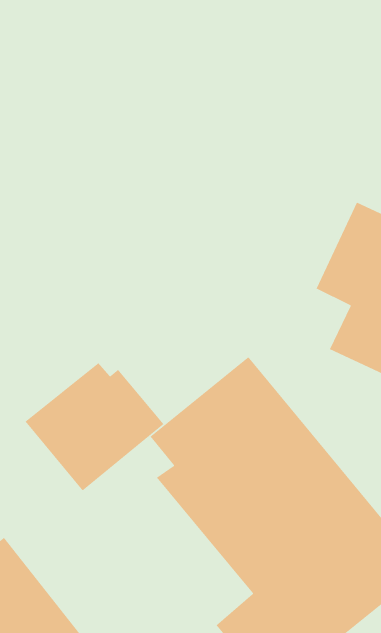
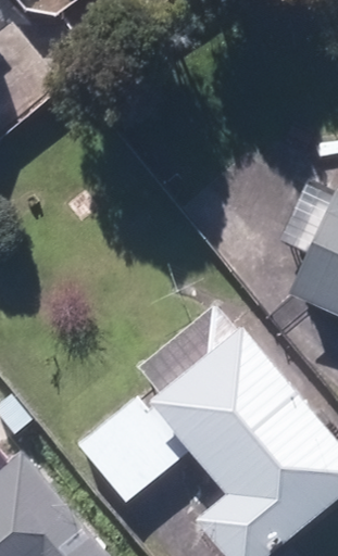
building: [25,362,164,492] -> [74,399,189,505]

